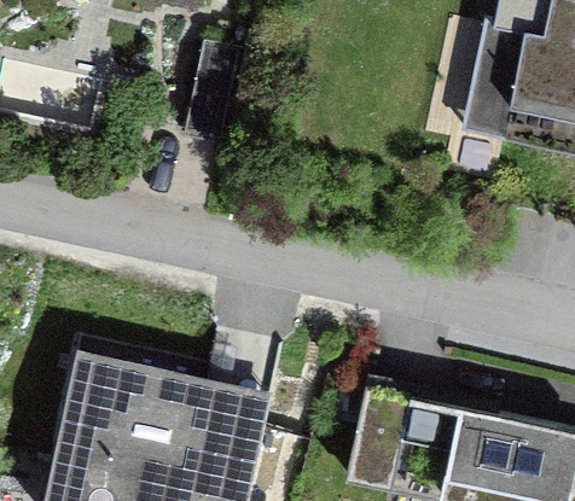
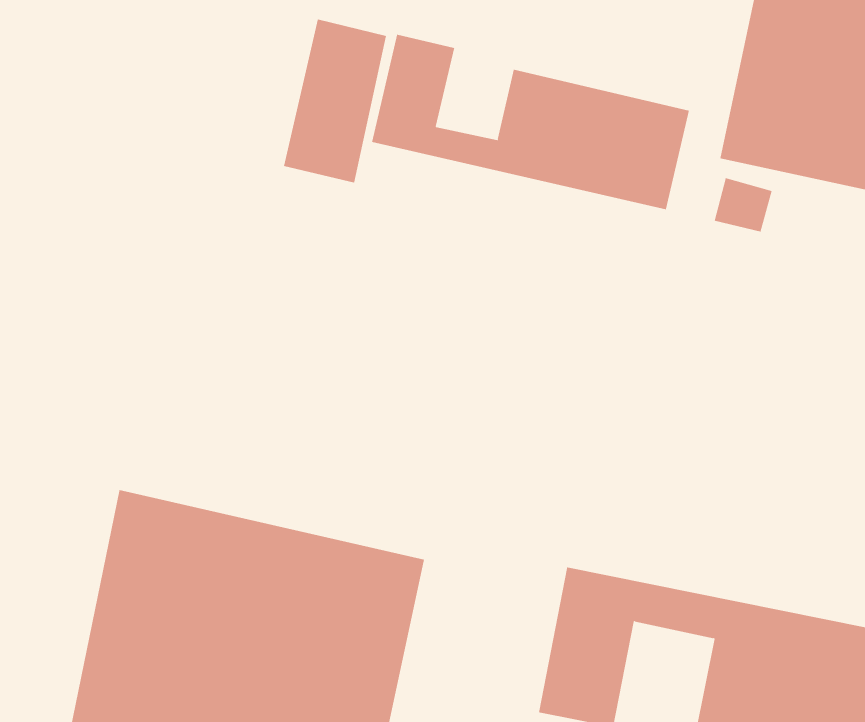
building: none -> [371,34,689,210]

